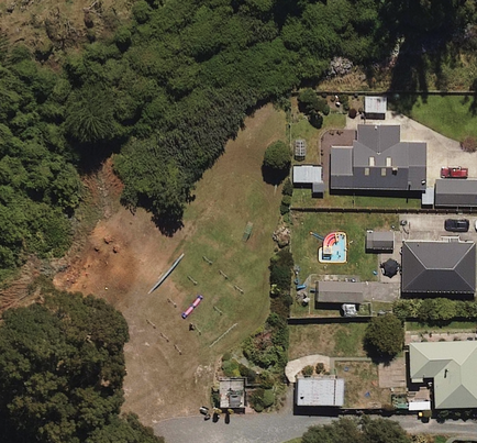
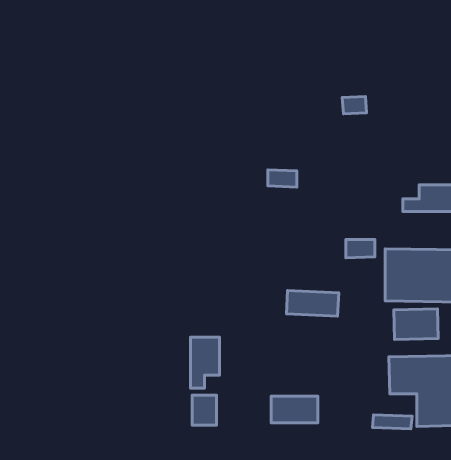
building: [325,124,426,188] -> none
building: none -> [394,309,438,339]
building: none -> [191,337,220,388]

